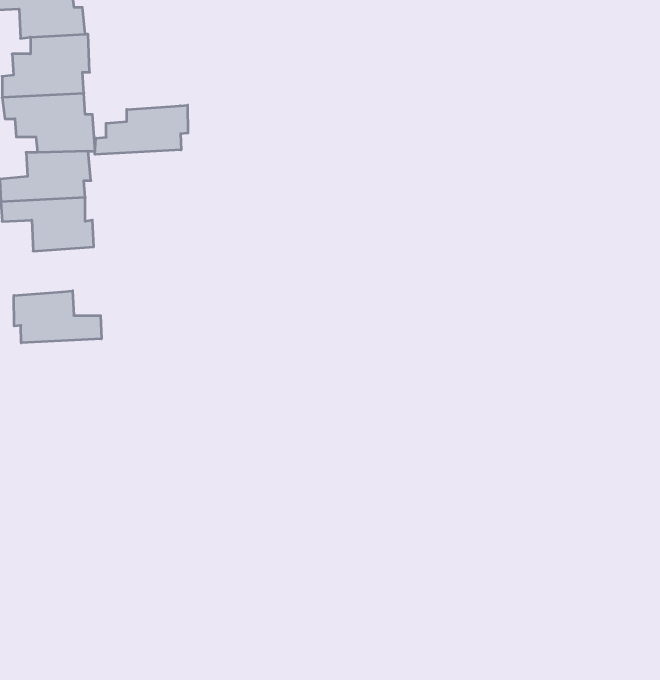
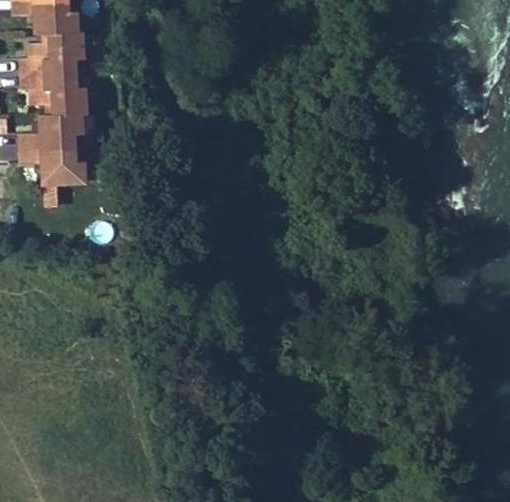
building: [95,105,188,154] -> none
building: [14,291,101,343] -> none

